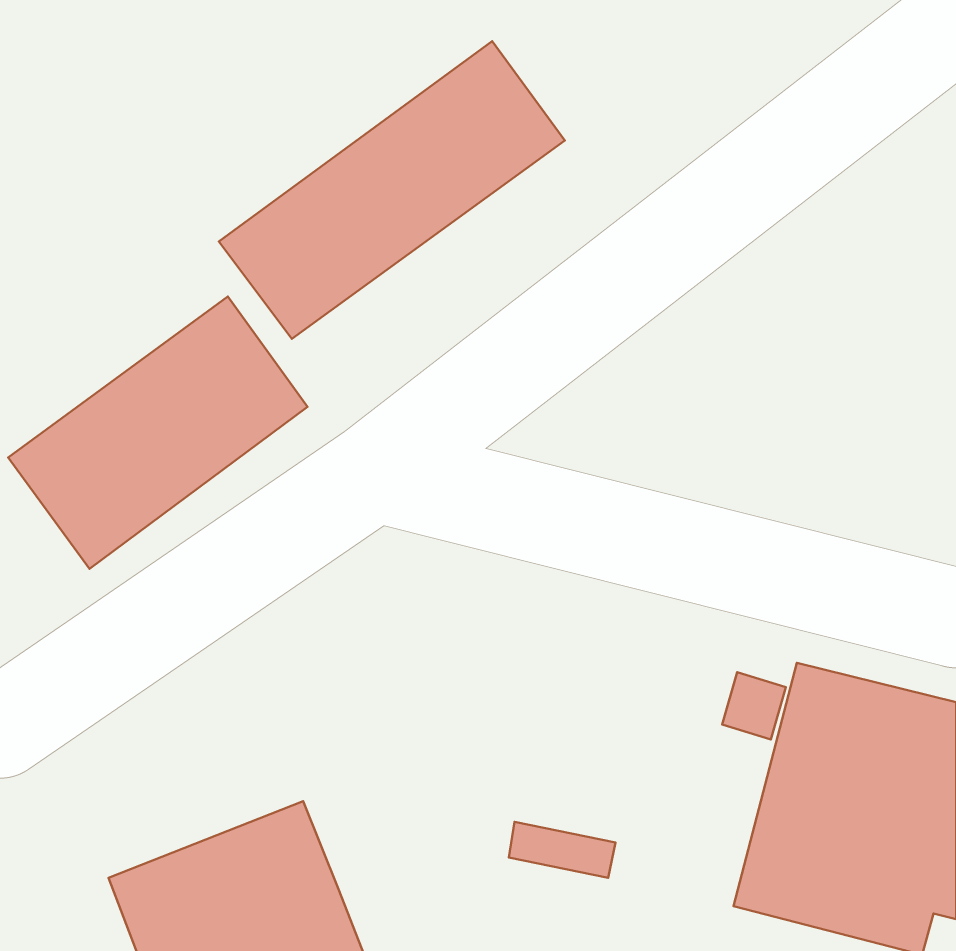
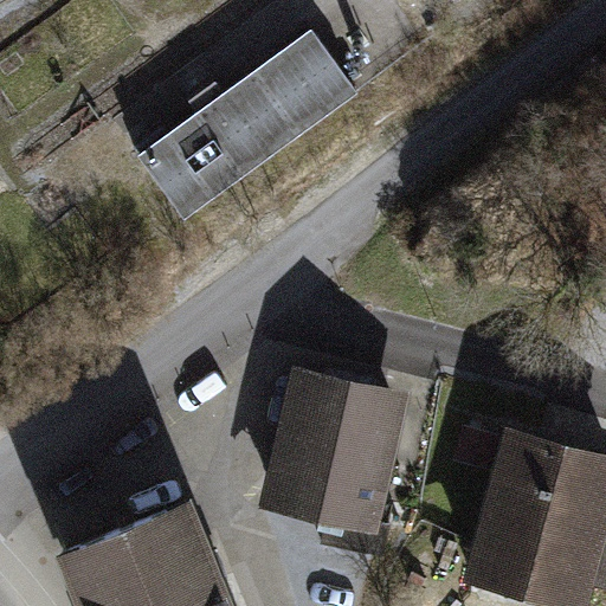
building: [8,296,308,569] -> none
building: none -> [271,376,400,520]

